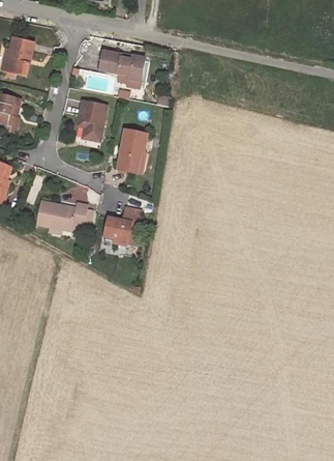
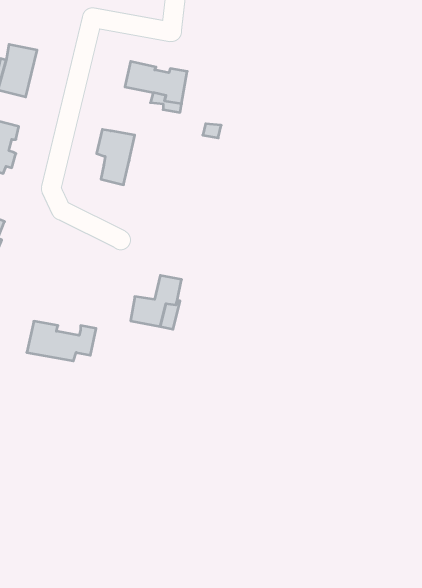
building: [117,129,149,173] -> none
building: [36,199,87,228] -> [27,321,96,361]

